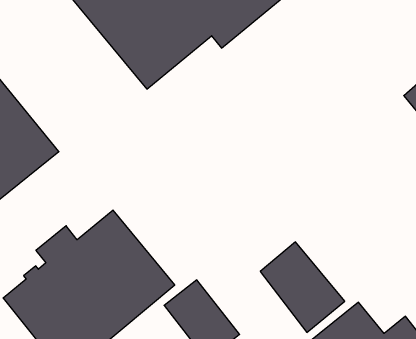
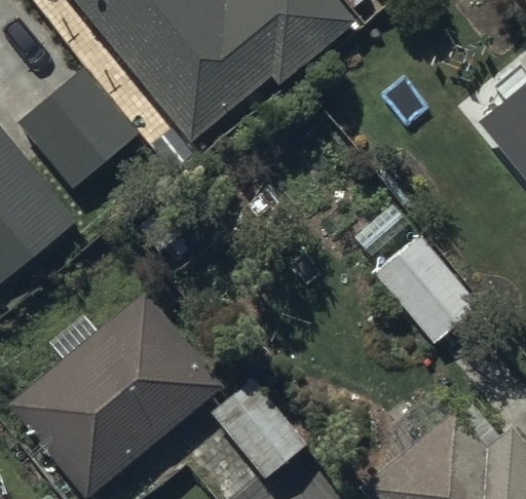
building: none -> [16,65,141,190]
building: [260,242,345,332] -> [375,232,481,345]

